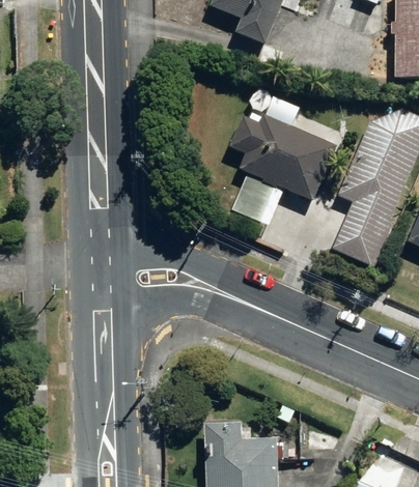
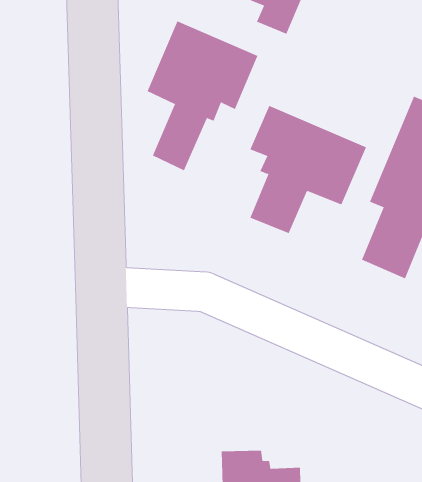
building: none -> [147,21,258,171]

